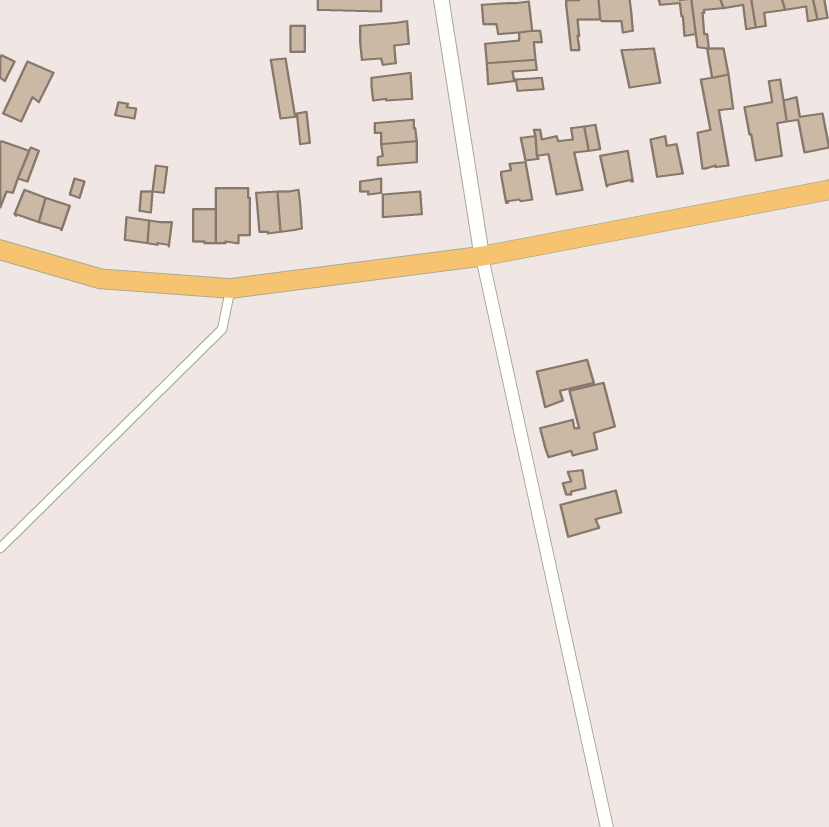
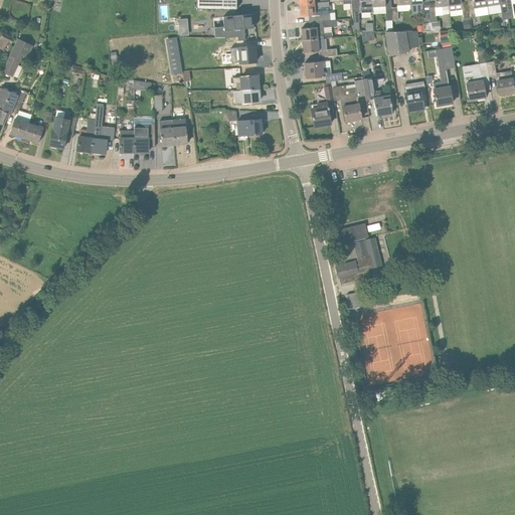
building: none -> [304,60,347,81]
building: none -> [49,115,69,148]
building: [561,491,621,537] -> none

